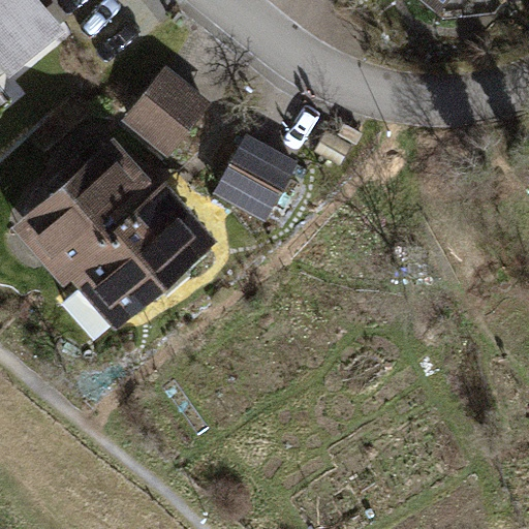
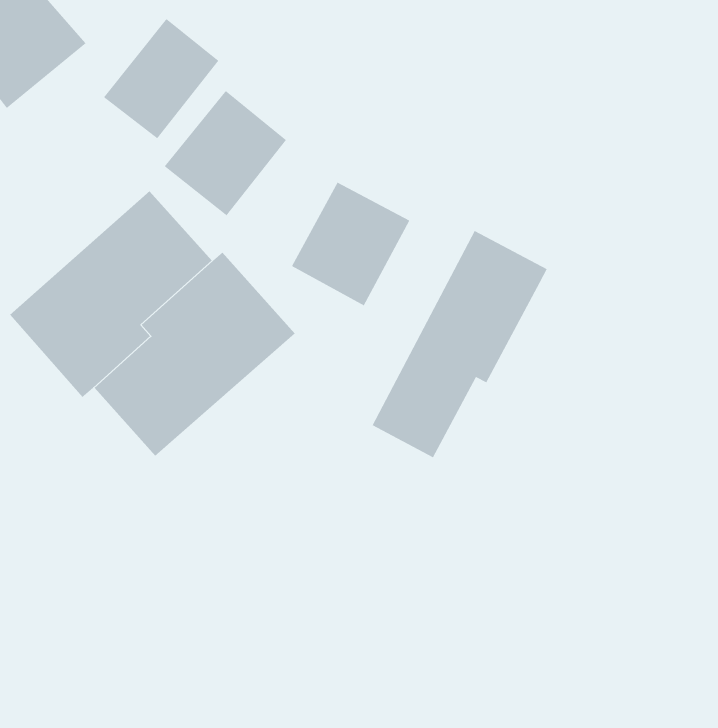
building: none -> [103,18,219,139]
building: none -> [372,230,547,458]

